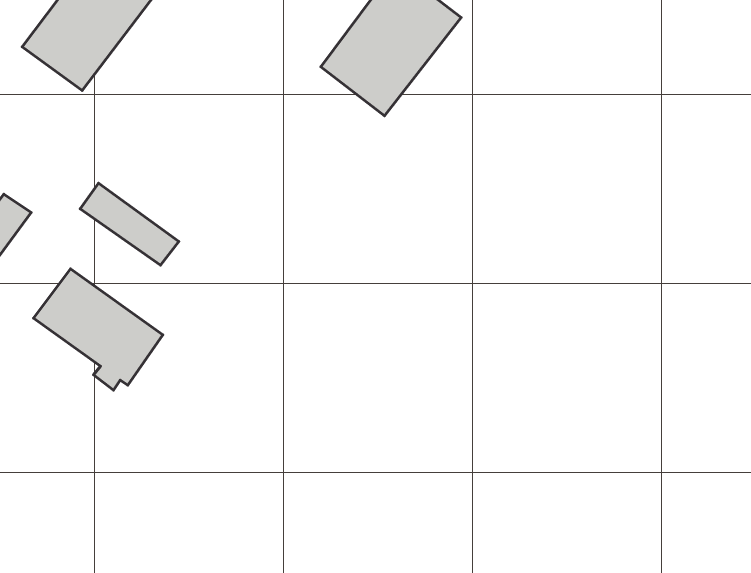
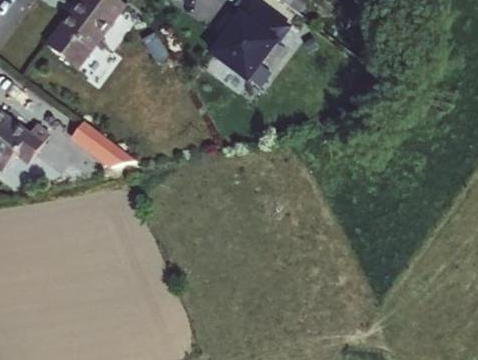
building: [34,269,163,390] -> none

